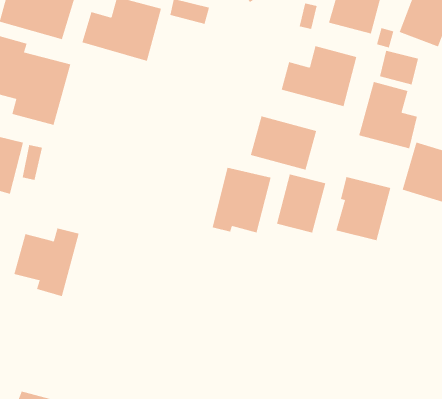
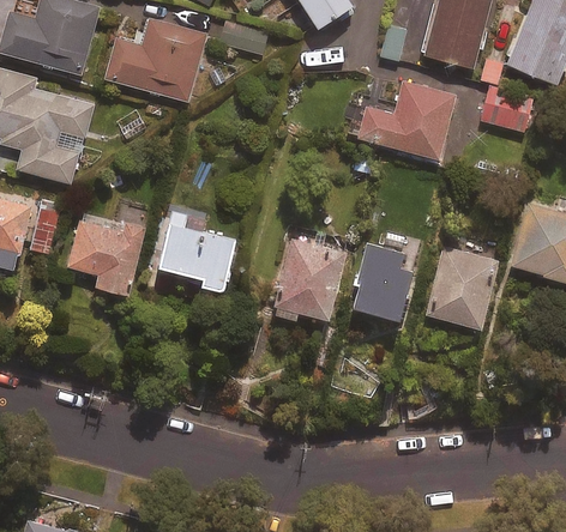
building: [359,81,418,149] -> none
building: [250,116,317,170] -> none
building: none -> [157,212,235,290]
building: [13,228,79,297] -> [65,207,149,295]

